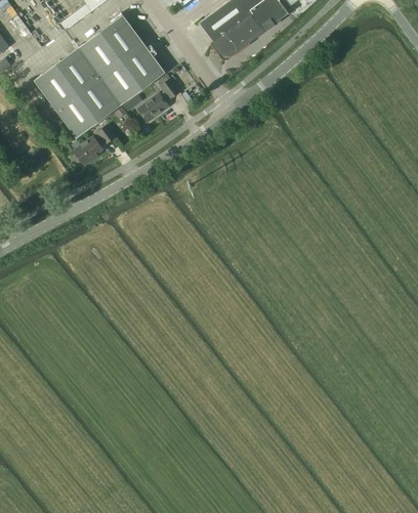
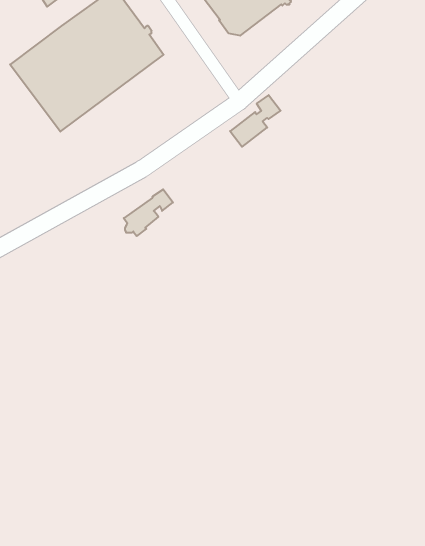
building: [137,78,180,122] -> [230,95,281,147]
building: [73,125,115,165] -> [124,189,173,236]

